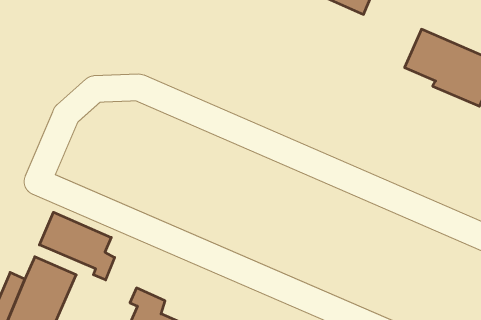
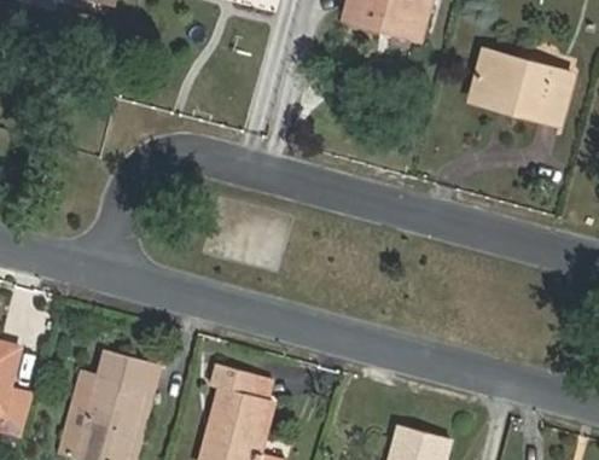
building: [39,212,115,280] -> none

